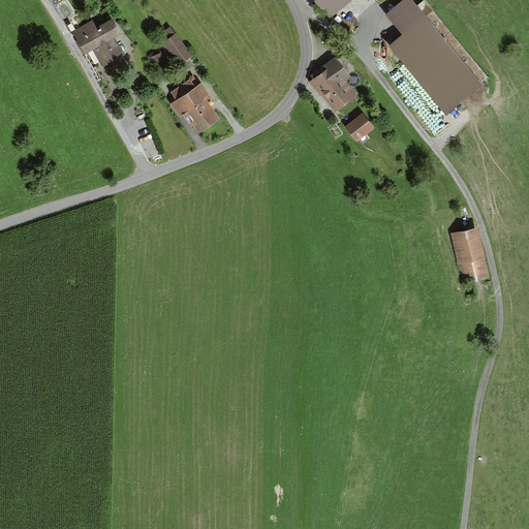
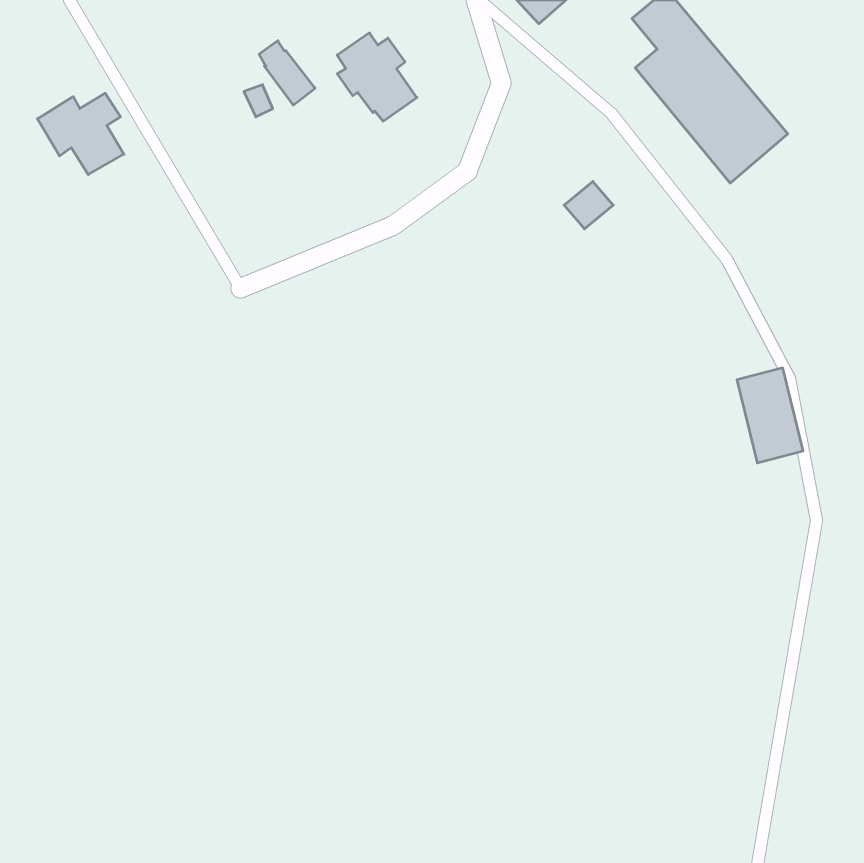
building: [70,17,123,66] -> [37,93,124,175]
building: [308,55,356,113] -> none
building: [169,79,218,132] -> [337,33,417,121]

